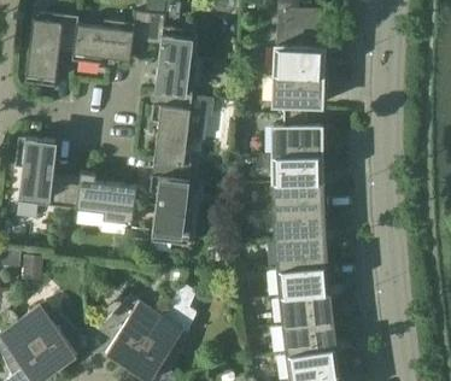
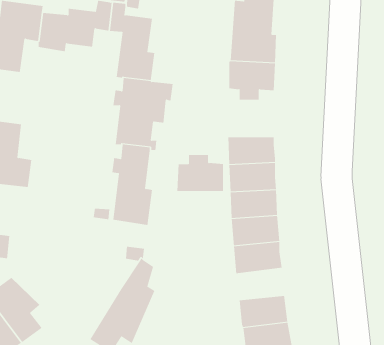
building: [271,115,321,153] -> [177,155,224,191]
building: [63,171,136,223] -> none
building: [280,291,332,324] -> none
building: [102,294,159,365] -> none

